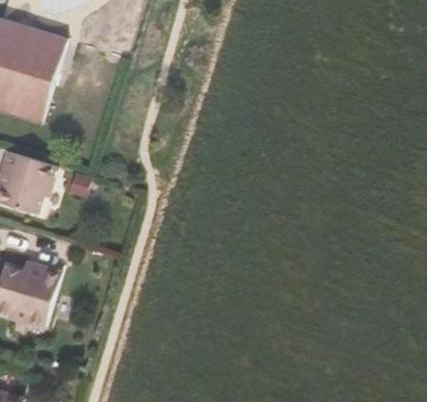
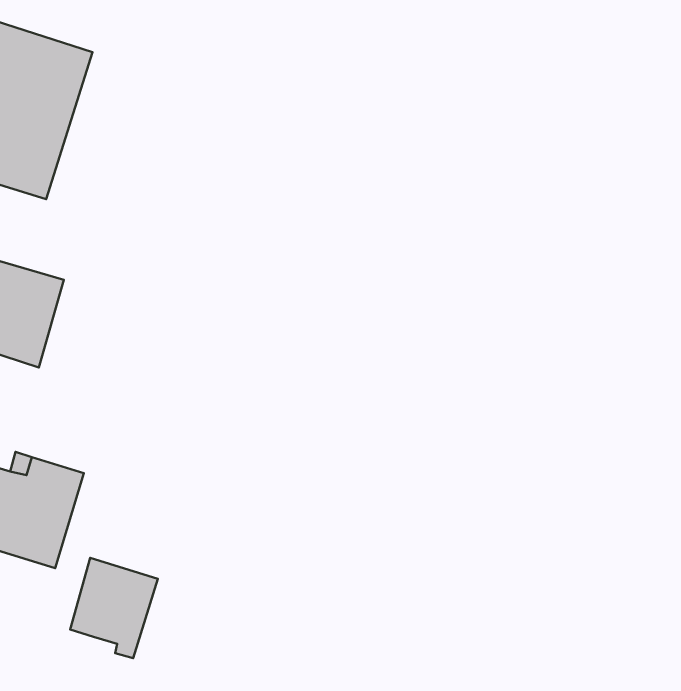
building: none -> [70,558,158,658]

